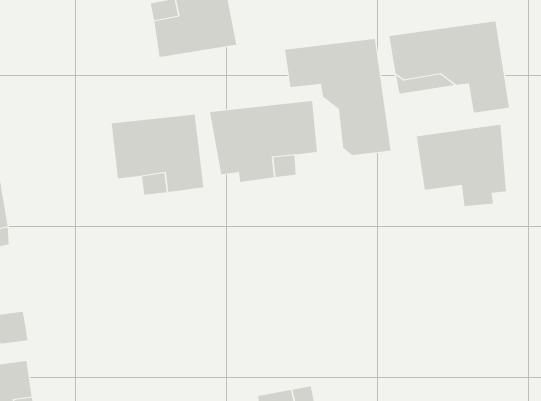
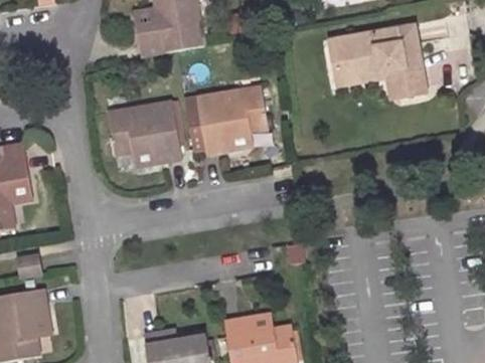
building: [285,38,391,156] -> none
building: [416,124,507,207] -> none

